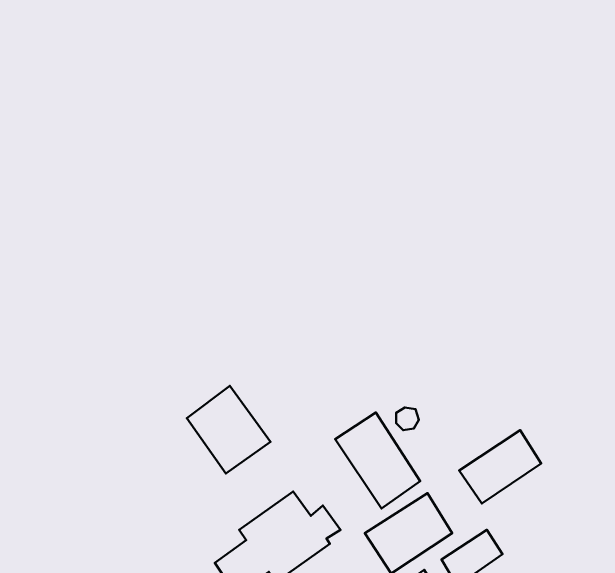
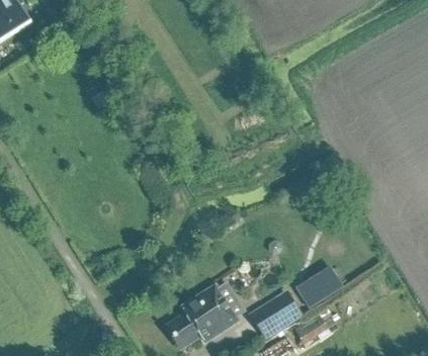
building: [187,386,271,473] -> none
building: [335,413,420,508] -> none

